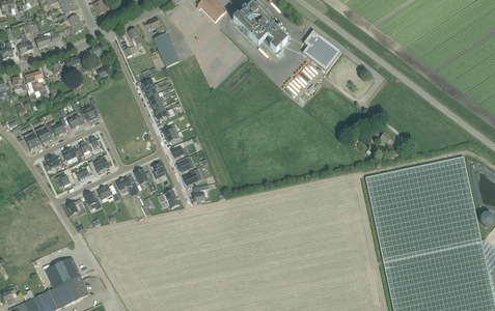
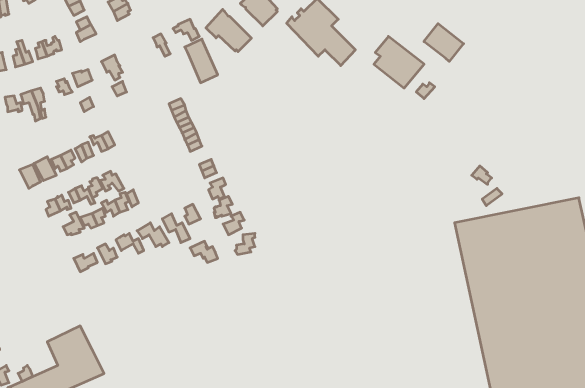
building: none -> [206,9,251,52]
building: none -> [424,24,464,61]

